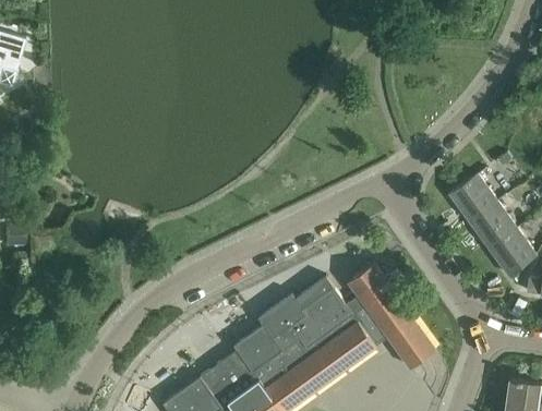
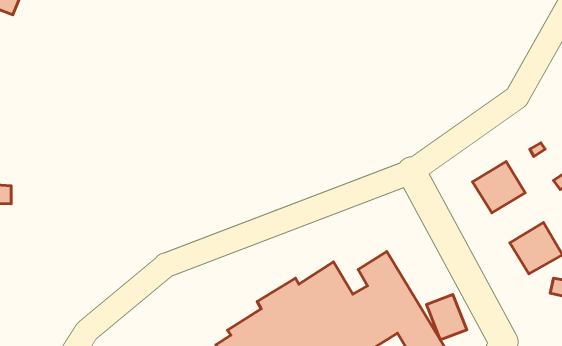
building: [467,201,515,247] -> none
building: none -> [426,294,467,340]

